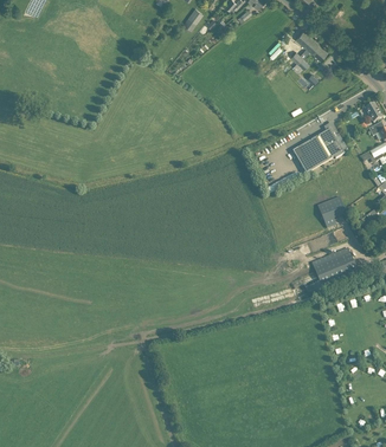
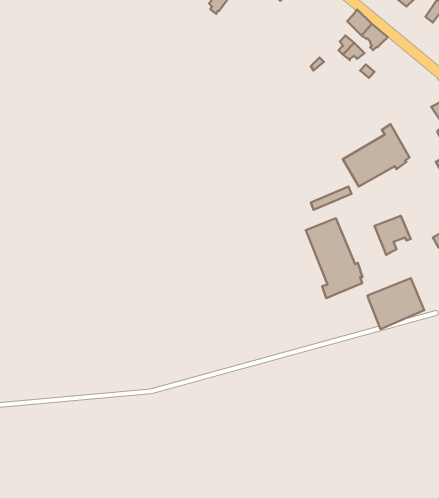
building: none -> [306,218,362,298]

